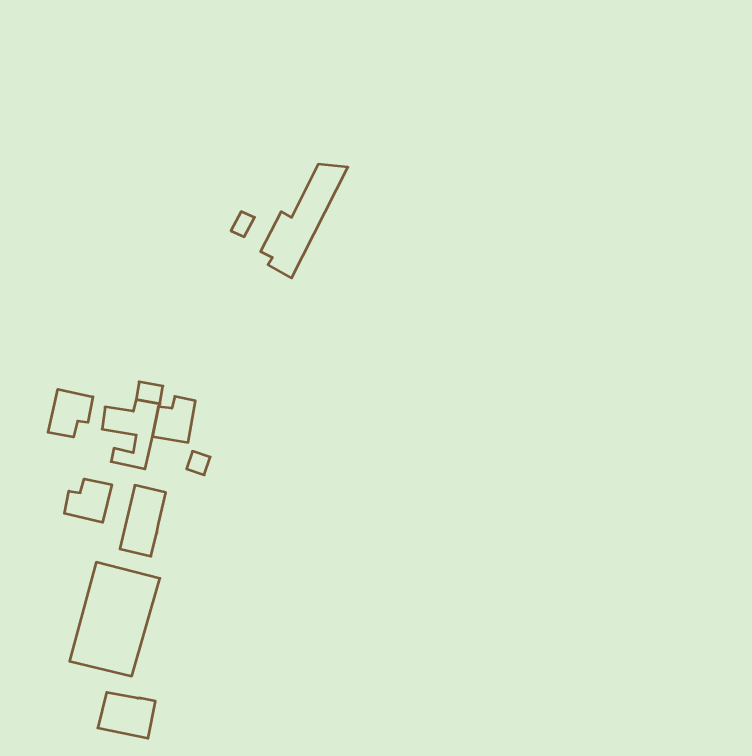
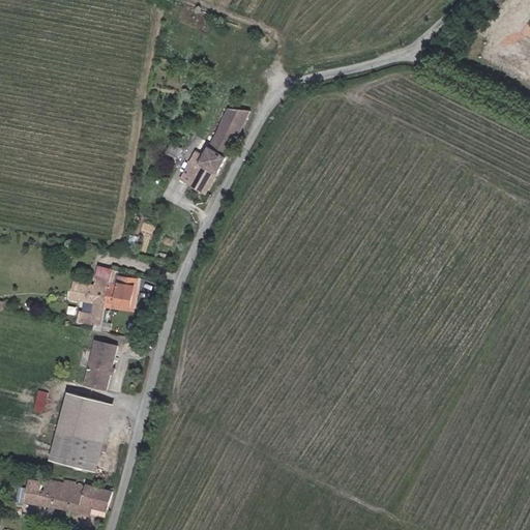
building: [48,389,93,437] -> none
building: [64,479,112,522] -> none
building: none -> [25,477,75,509]

